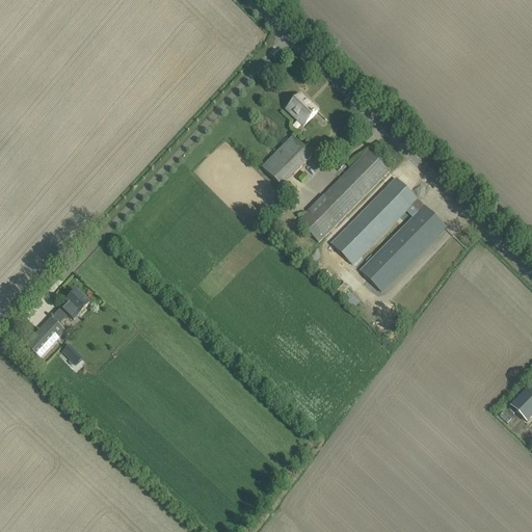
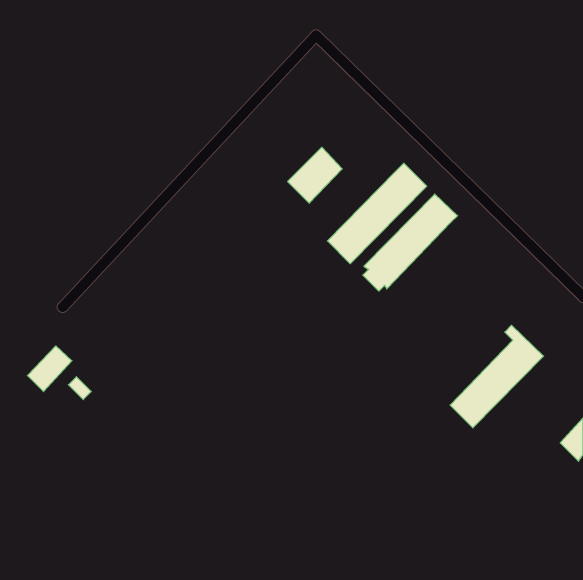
building: [286,92,318,122] -> none
building: [361,196,446,290] -> [450,325,544,428]
building: [61,289,89,318] -> none

